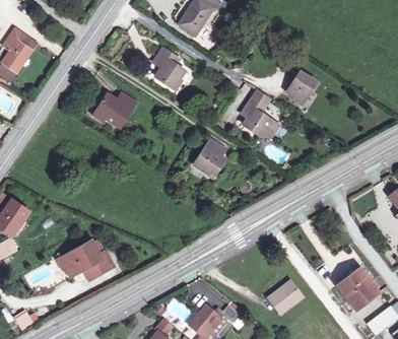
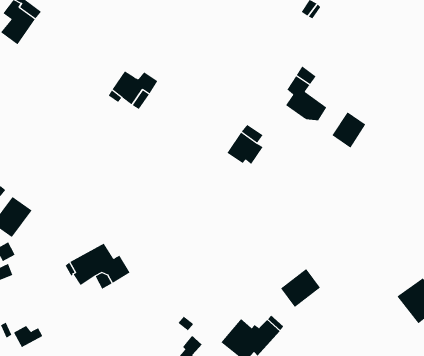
building: [152,48,184,88] -> none
building: [286,70,316,101] -> [332,111,366,148]
building: [267,280,302,314] -> [280,268,321,308]

